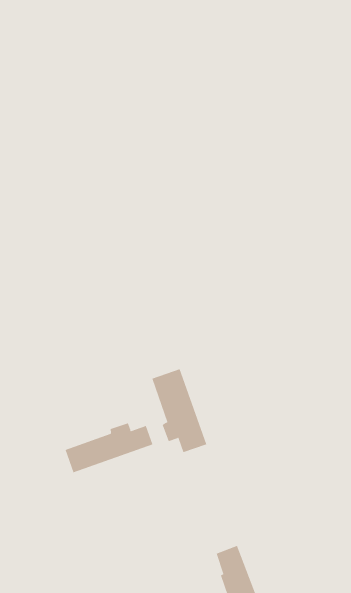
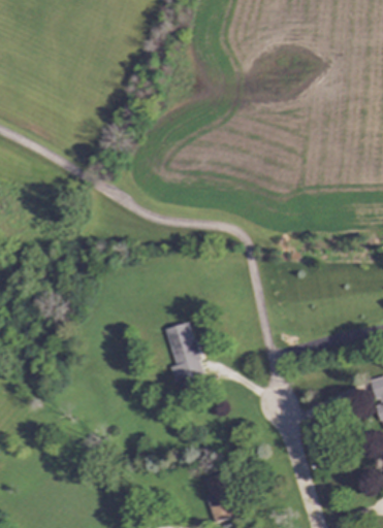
building: [65,423,153,473] -> none

